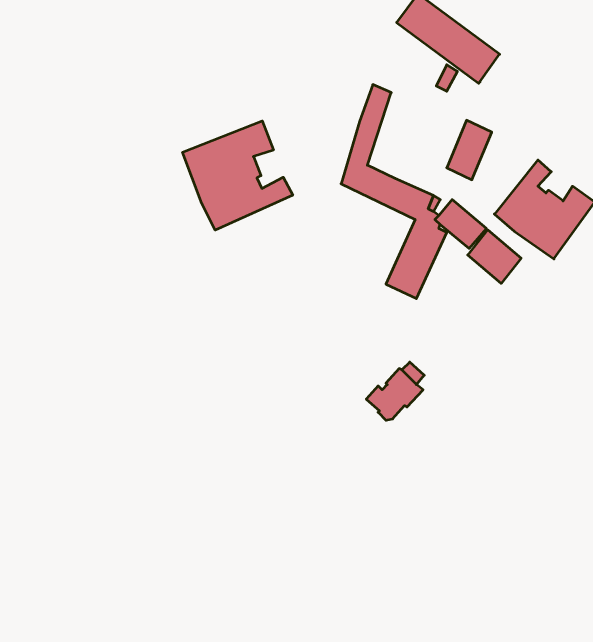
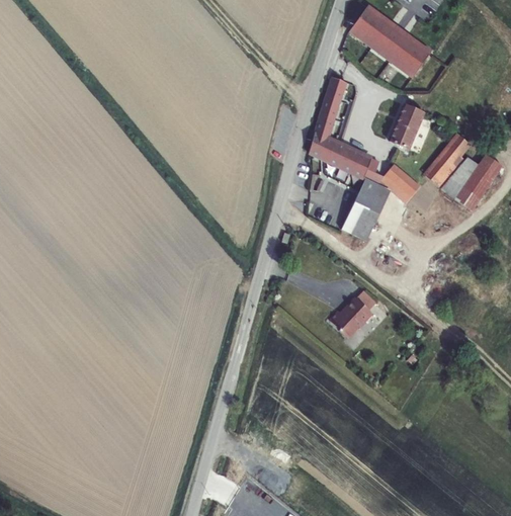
building: [183,121,293,230] -> none
building: [468,230,521,283] -> none

